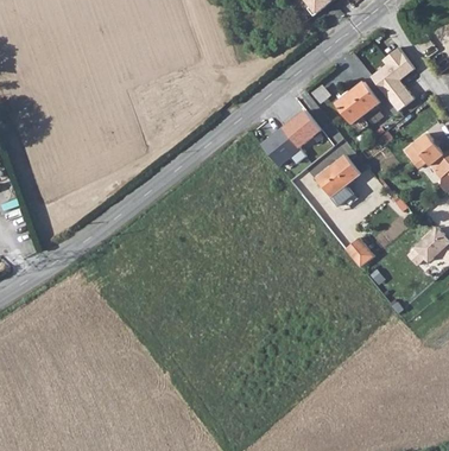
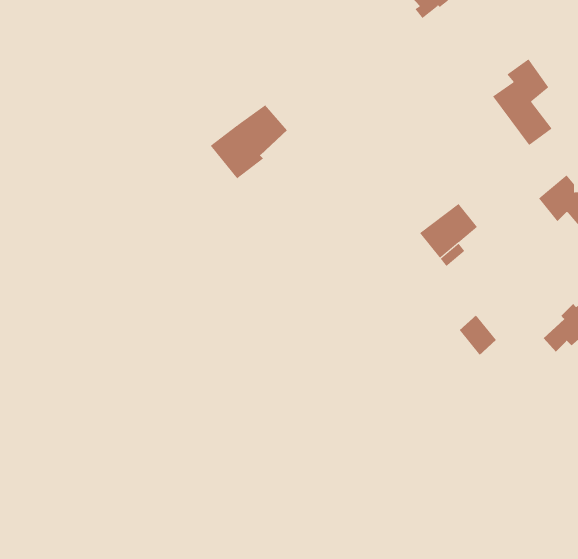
building: [336,81,380,123] -> none
building: [258,108,316,164] -> [210,105,288,179]

